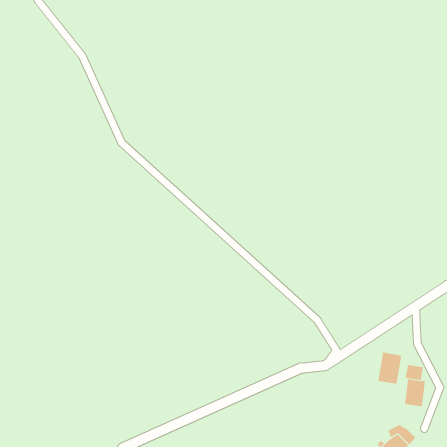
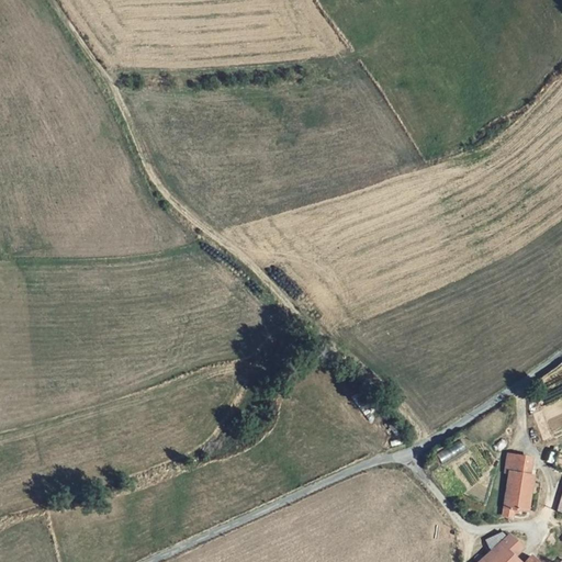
building: [378,351,402,385] -> none

